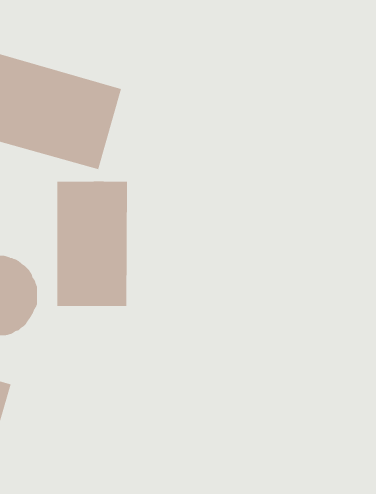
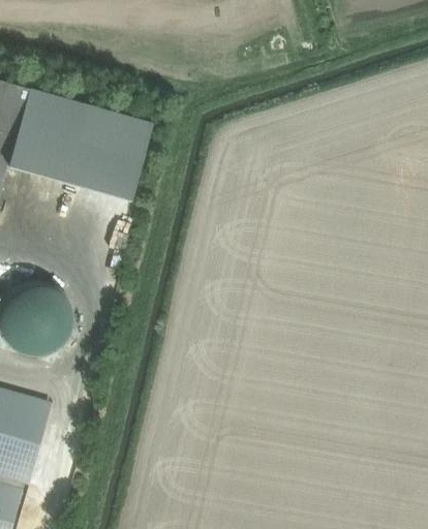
building: [57,181,127,307] -> none

